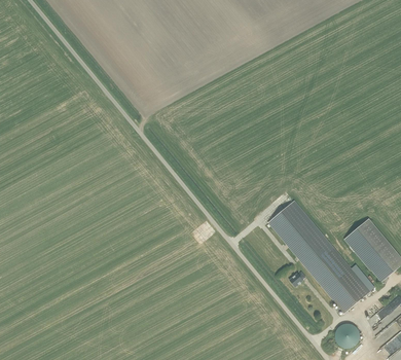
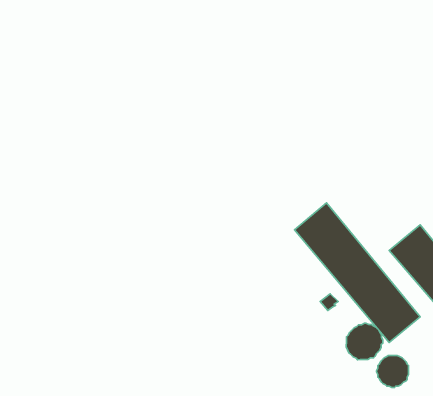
building: none -> [346,323,383,360]

